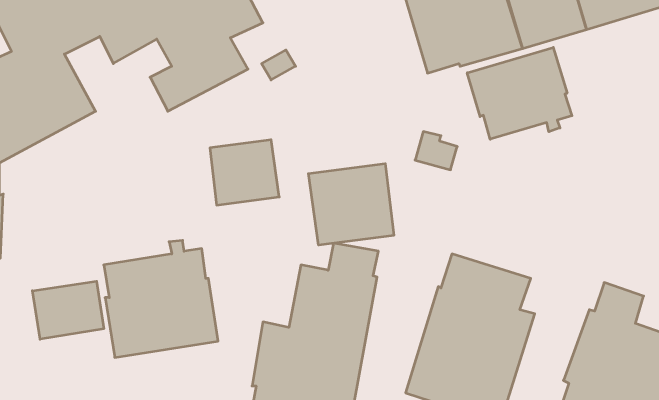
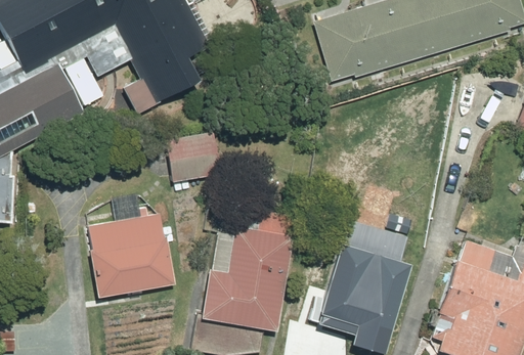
building: [467,47,572,139] -> none
building: [308,164,394,245] -> none
building: [32,281,104,339] -> none

